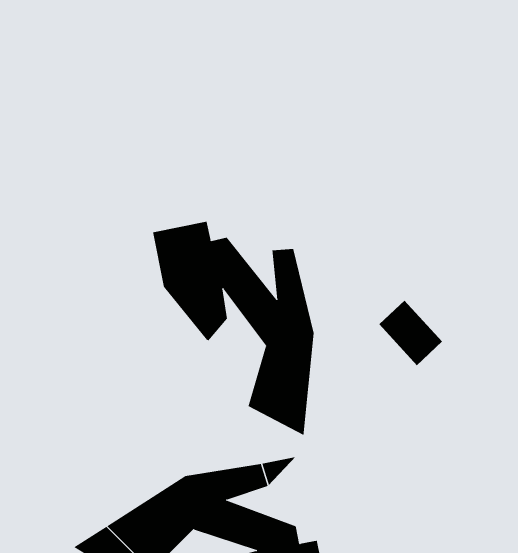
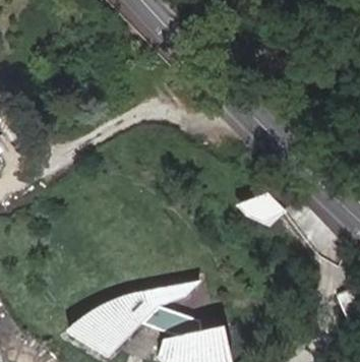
building: [153,221,314,436] -> none

